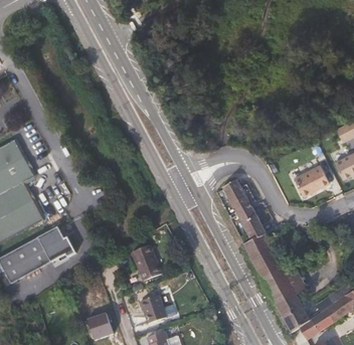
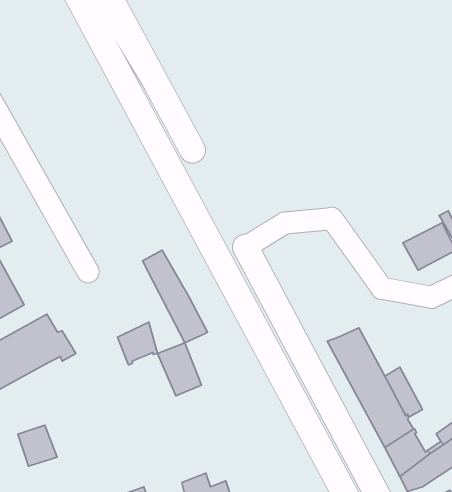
building: [223,179,267,240] -> [142,250,208,343]
building: none -> [117,322,158,365]
building: [140,295,165,323] -> none
building: [85,311,112,338] -> [18,425,57,466]

